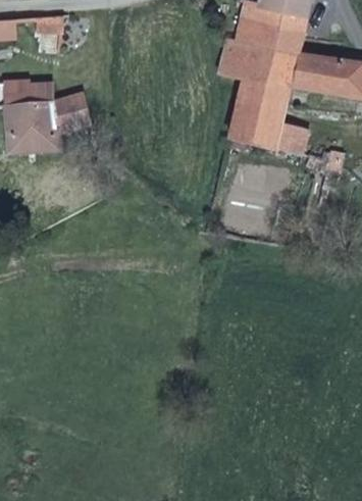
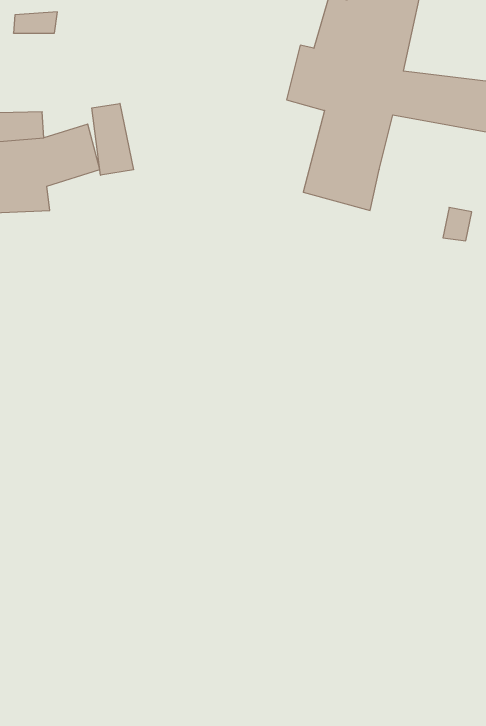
building: none -> [92,103,133,175]
building: [273,121,309,156] -> none

